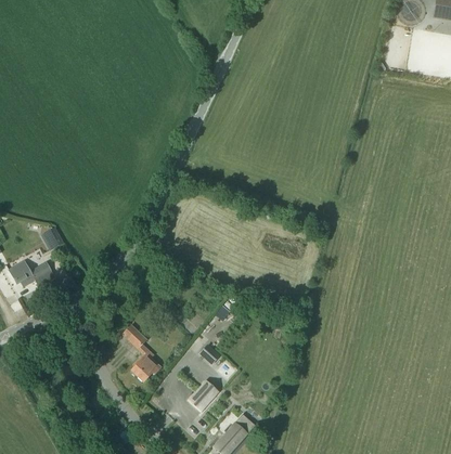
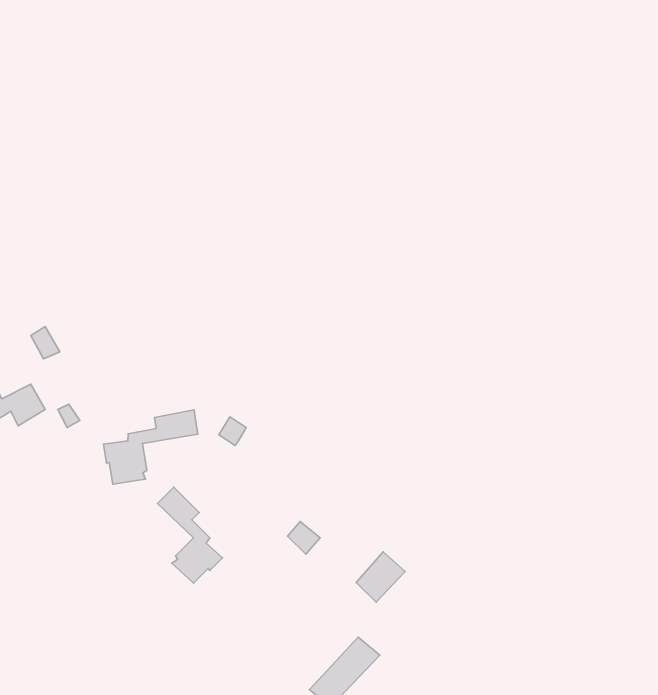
building: none -> [104,410,198,484]
building: [190,380,219,411] -> [356,552,405,602]

